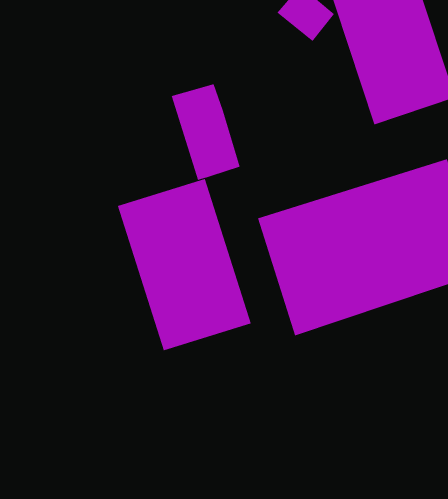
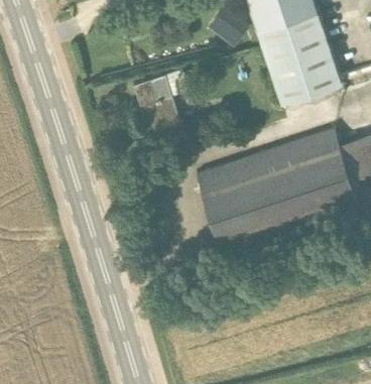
building: [117,178,251,351] -> none

